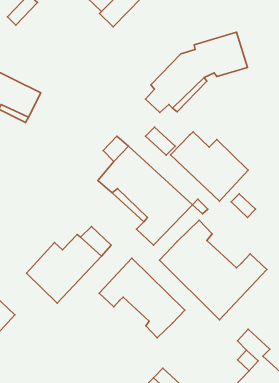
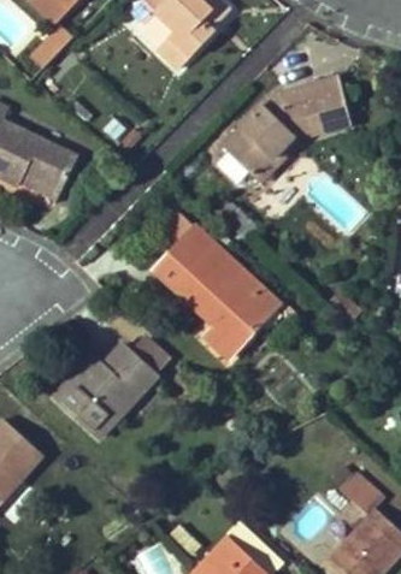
building: [170,132,248,201] -> none
building: [159,220,267,320] -> none
building: [99,258,185,338] -> none

